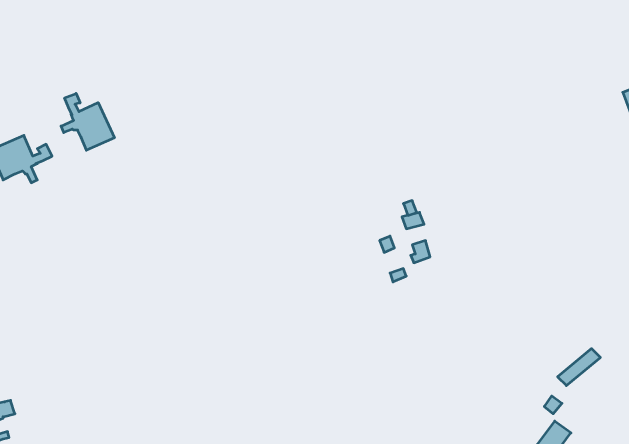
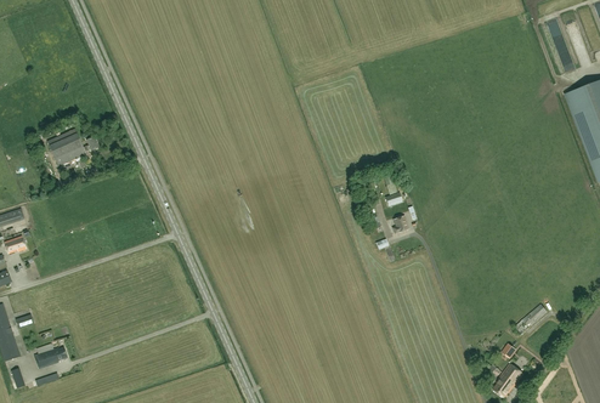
building: [61,93,114,150] -> none

